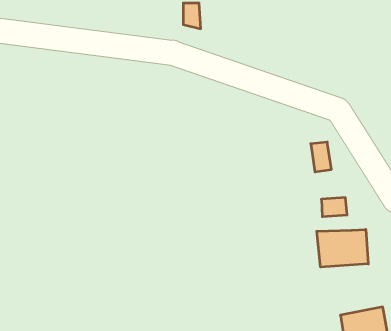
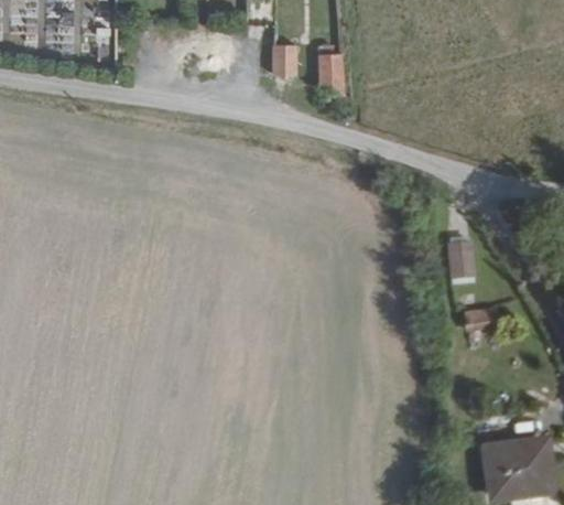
building: none -> [318,50,345,93]
building: [317,229,368,267] -> none

